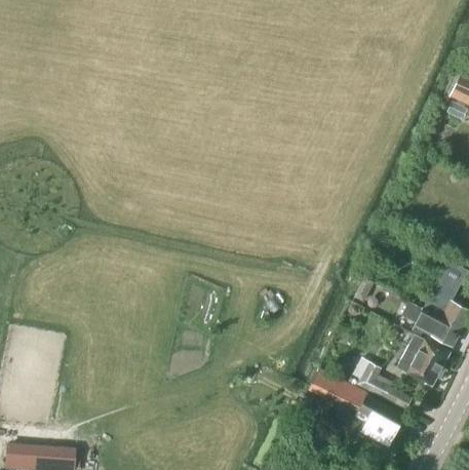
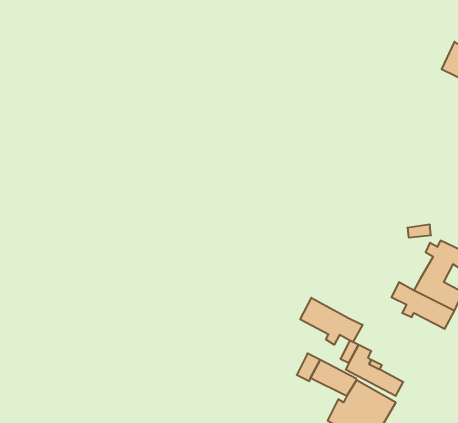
building: none -> [300,298,363,345]
building: [397,335,450,386] -> none

